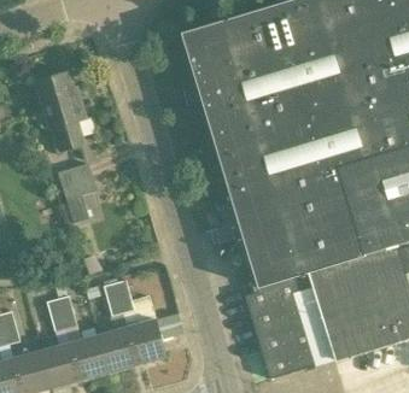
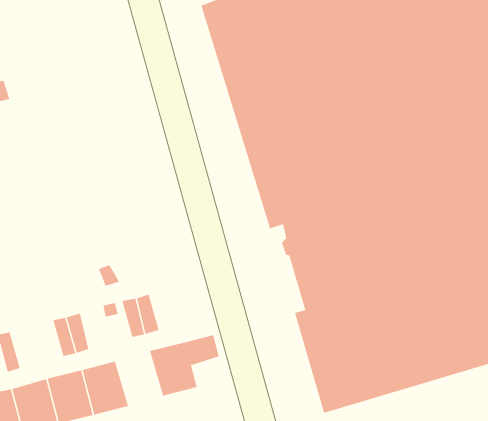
building: [37,70,88,151] -> none
building: [59,160,99,221] -> none
building: [100,324,139,370] -> none

